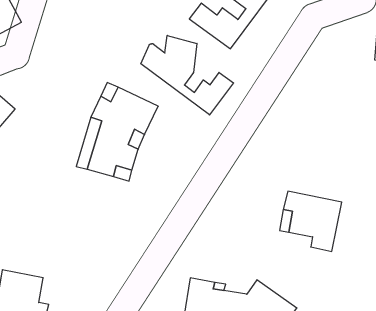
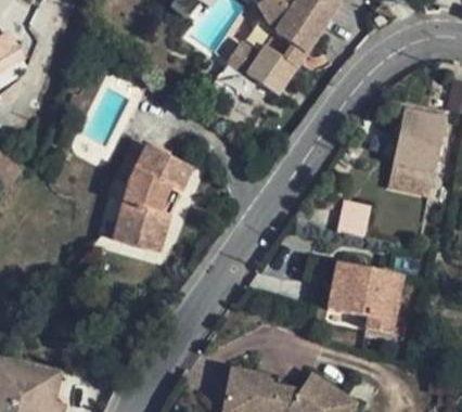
building: [141,35,234,115] -> none
building: none -> [388,111,446,196]
building: none -> [337,198,370,235]

